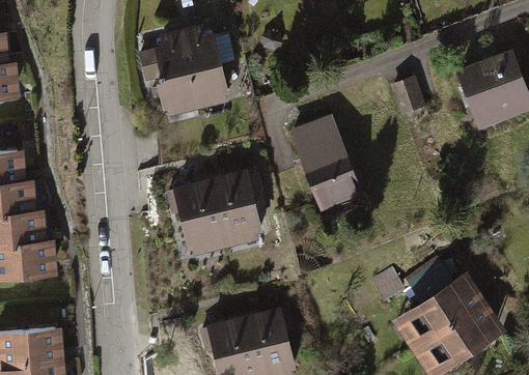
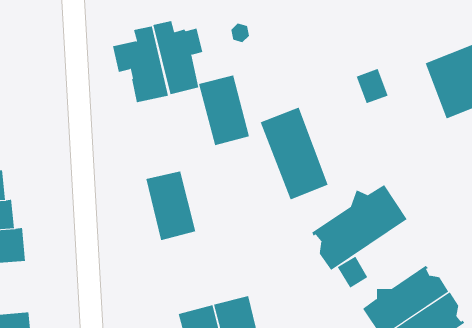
building: [211,171,263,243] -> [198,75,250,146]
building: none -> [311,184,408,271]

